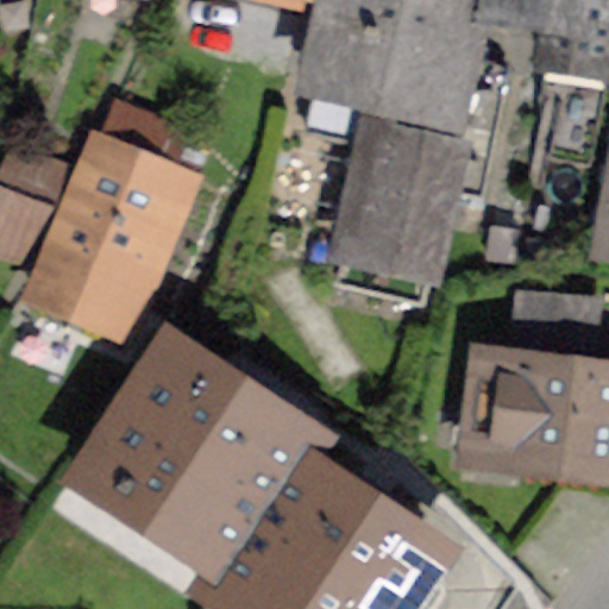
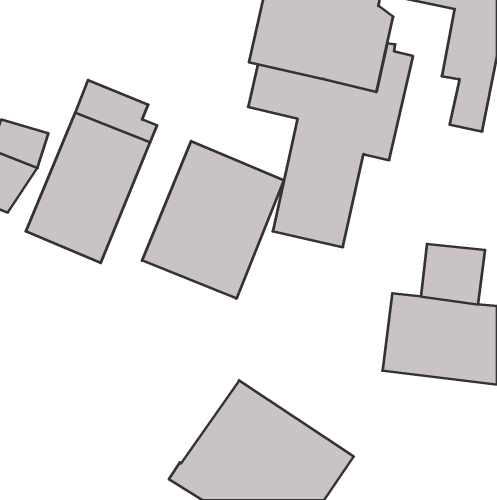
building: none -> [142,141,284,299]
building: [79,344,301,558] -> none

